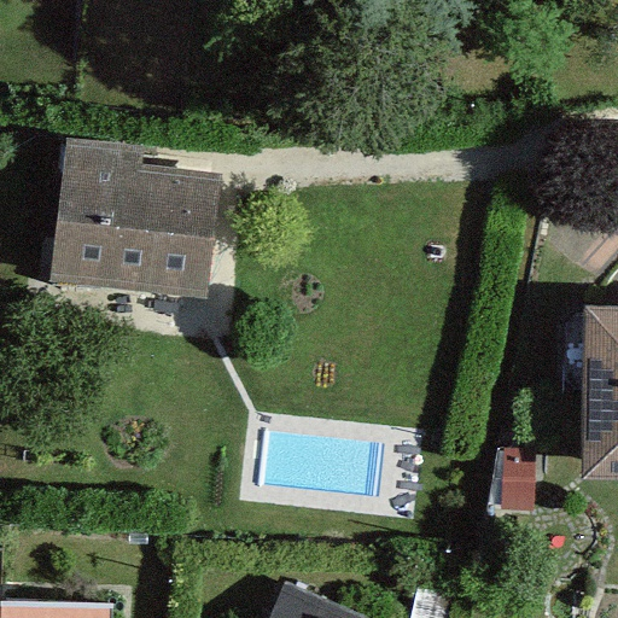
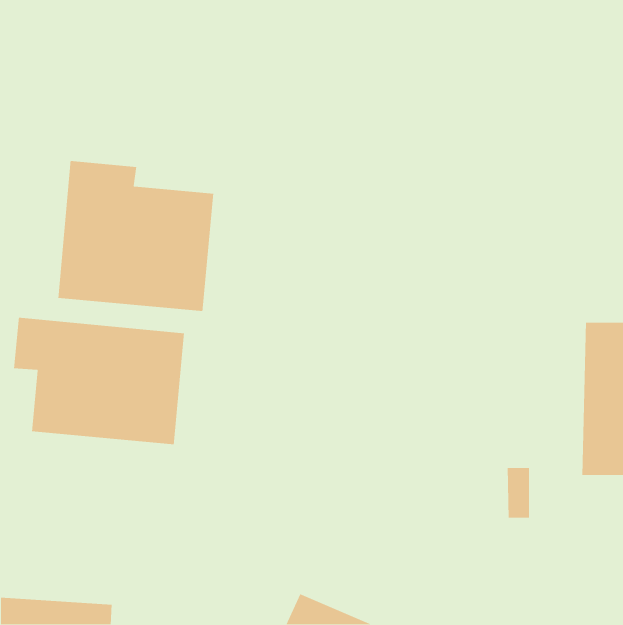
building: none -> [13,317,185,445]

